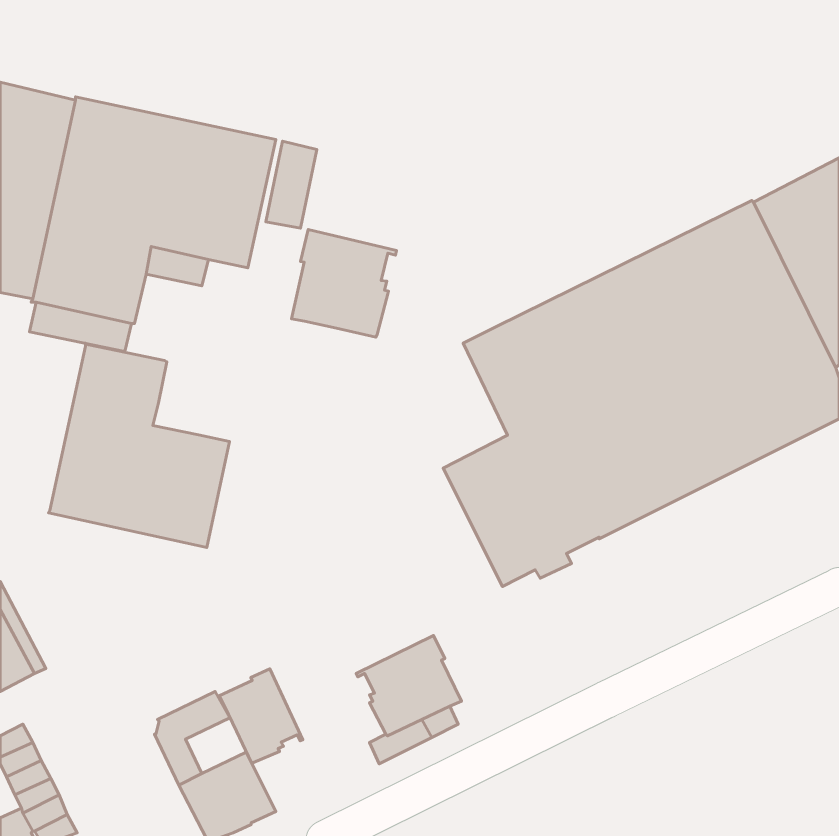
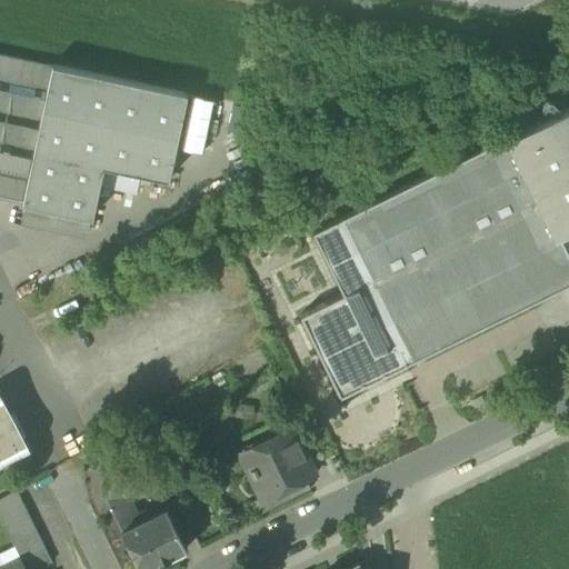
building: [291,229,396,337] -> none
building: [49,343,229,548] -> none
building: [219,669,303,763] -> none

